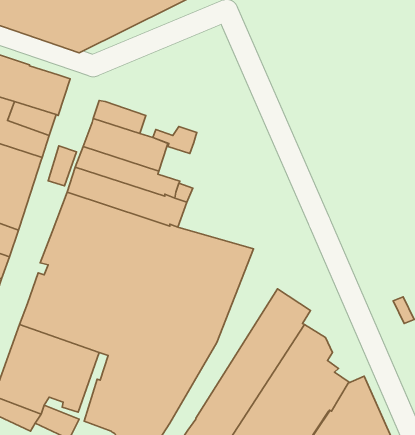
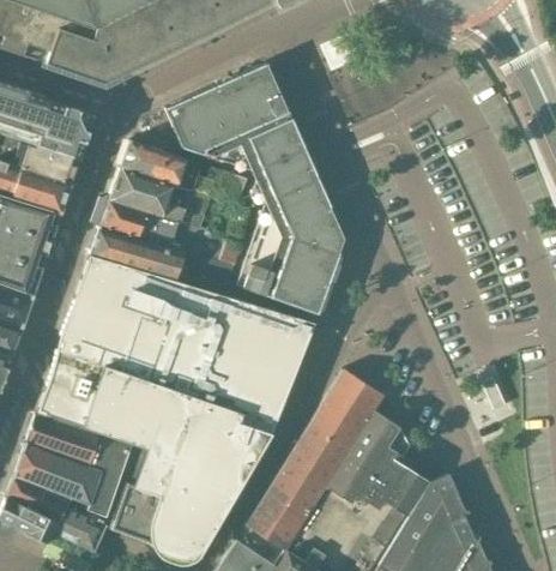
building: none -> [165,64,344,314]
building: [48,146,77,186] -> none
building: none -> [64,446,140,529]

